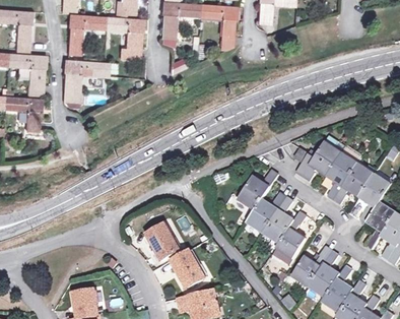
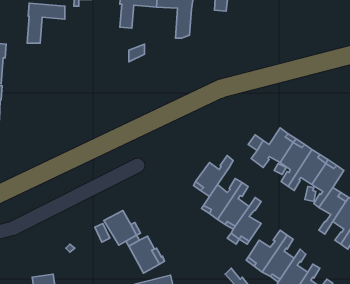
building: [107,17,144,60] -> none
building: [64,60,109,104] -> none

